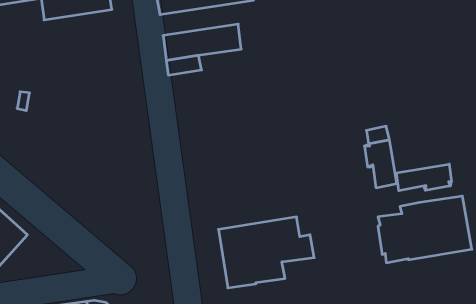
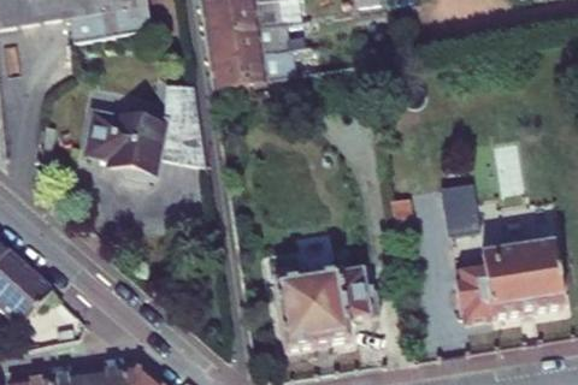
building: none -> [206,23,309,59]
building: none -> [85,84,205,178]
building: [397,164,451,191] -> none

